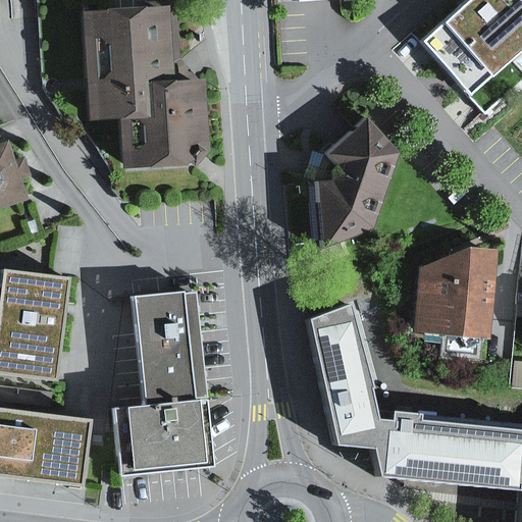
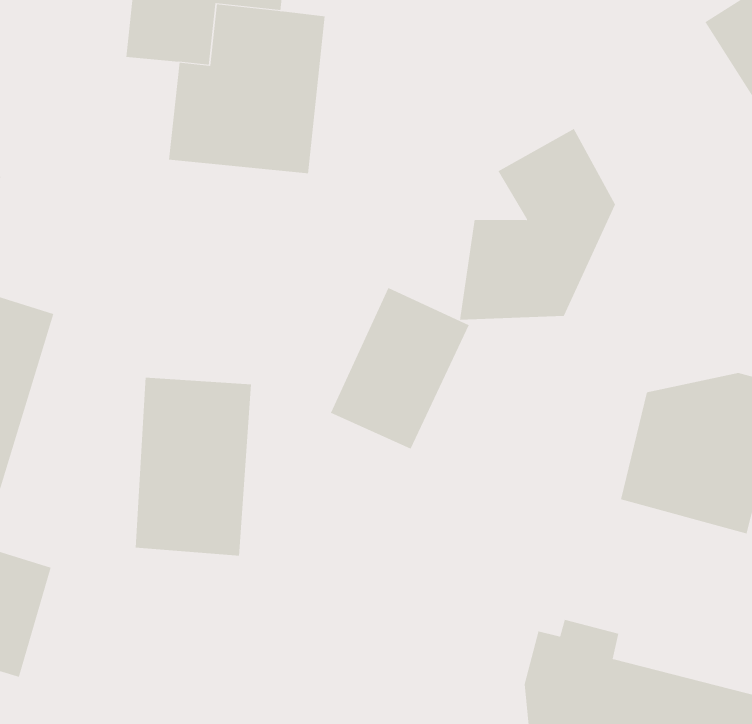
building: none -> [330,287,469,449]
building: [316,305,384,447] -> none
building: [111,399,210,474] -> none

